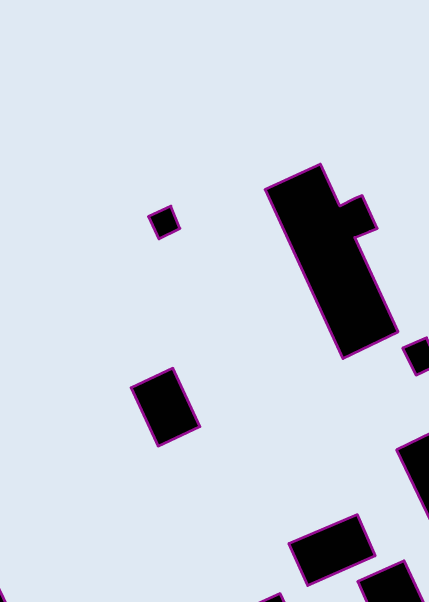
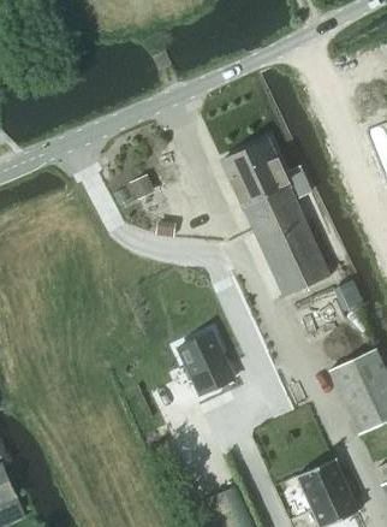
building: [131,368,200,446] -> [178,331,233,393]
building: [289,515,375,586] -> none

